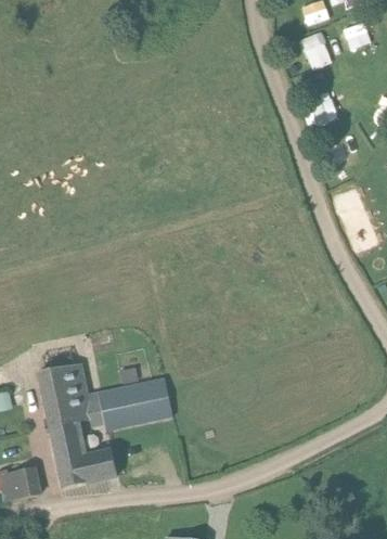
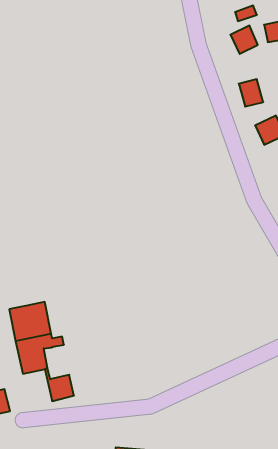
building: [98,376,171,428] -> none
building: [54,442,89,487] -> none

